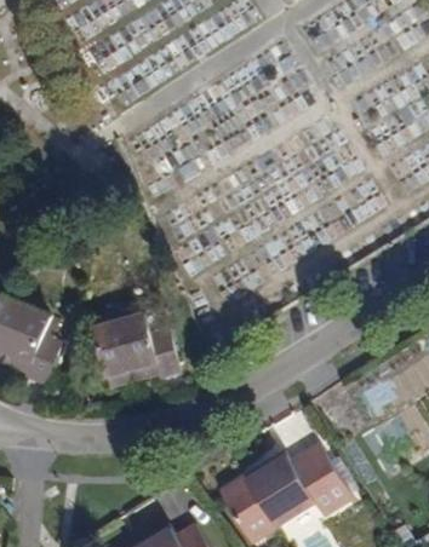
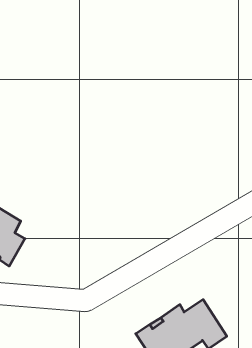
building: [87,321,172,392] -> none

